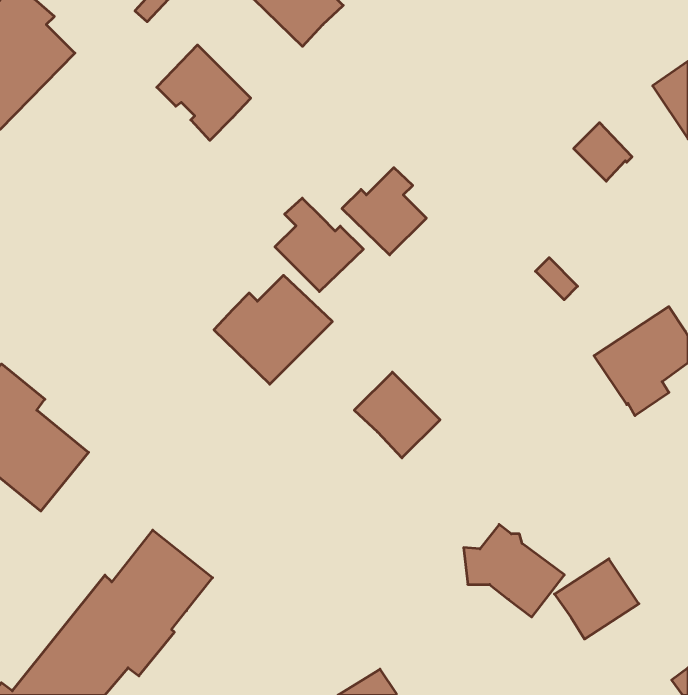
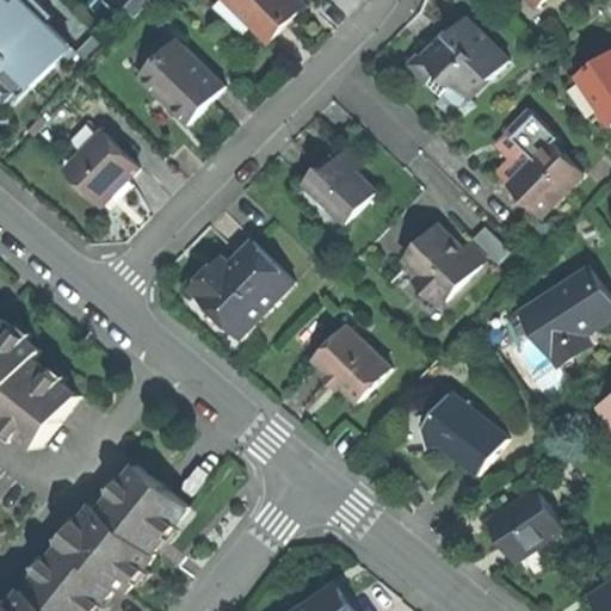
building: none -> [408,17,506,95]
building: none -> [66,131,135,200]
building: none -> [505,141,580,215]
building: [275,198,363,292] -> none
building: none -> [400,223,483,303]
building: [464,524,564,617] -> [416,393,505,474]

